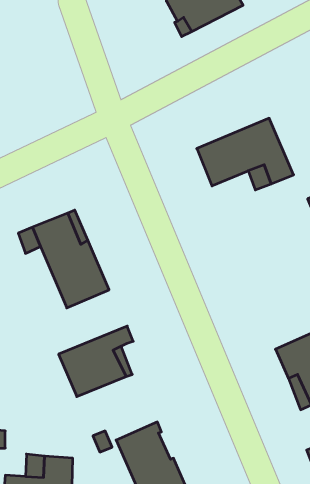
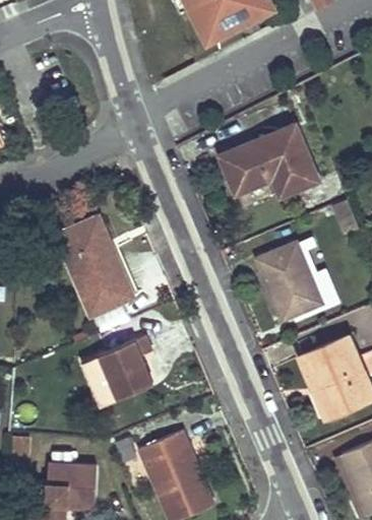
building: none -> [259,243,322,319]

